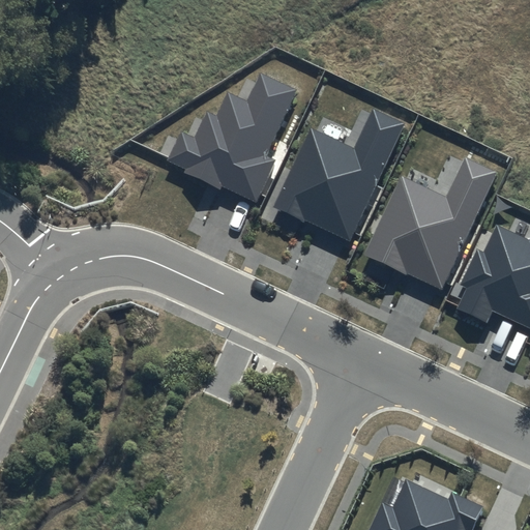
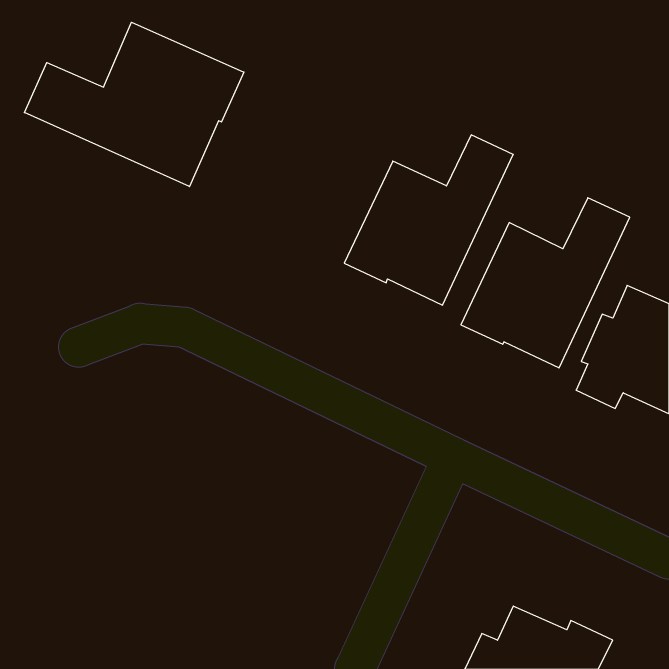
building: none -> [24,22,244,187]
building: [168,71,297,201] -> none

